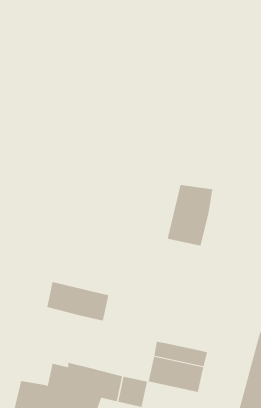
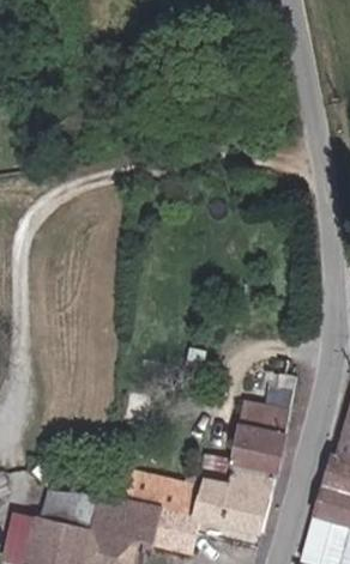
building: [167,184,213,246] -> [224,402,284,483]
building: [46,281,109,321] -> [121,471,203,522]

